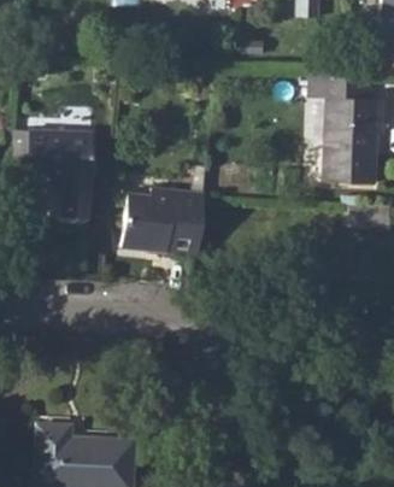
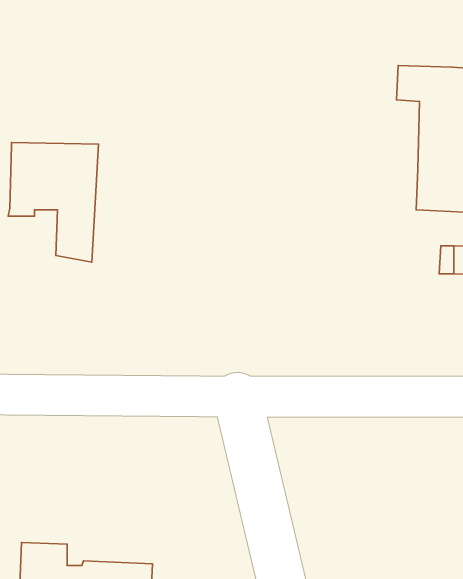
building: [122,187,202,252] -> none

